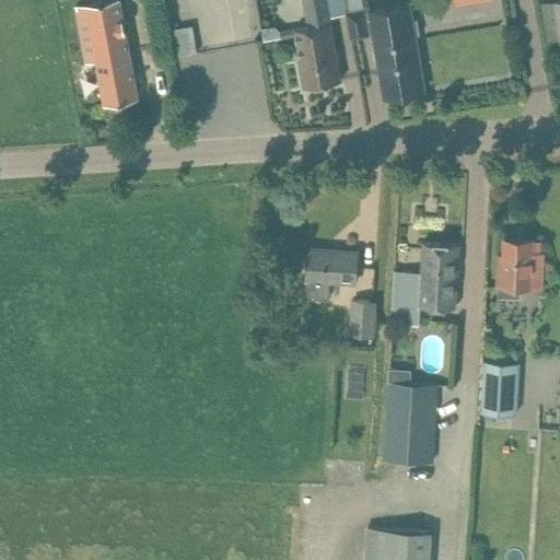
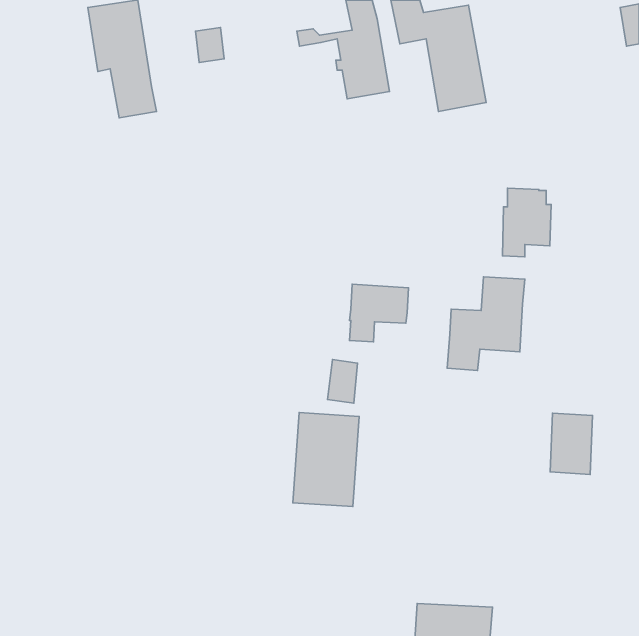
building: [499,242,541,302] -> [502,188,551,257]
building: [348,303,374,341] -> [327,359,358,403]
building: [381,382,439,464] -> [293,413,359,507]

